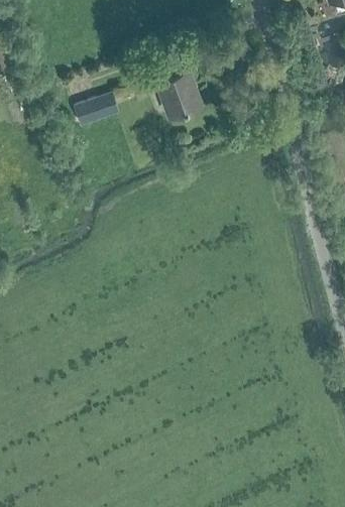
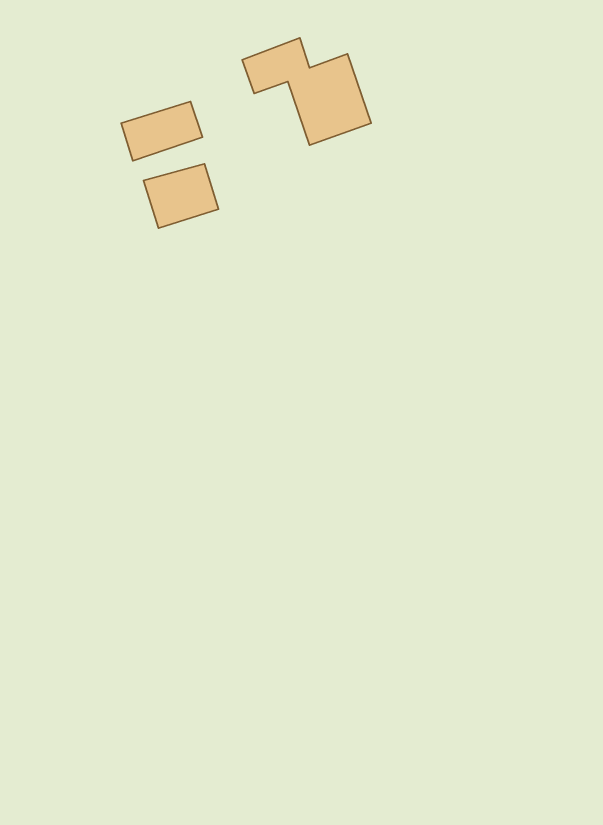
building: none -> [143,164,218,228]

